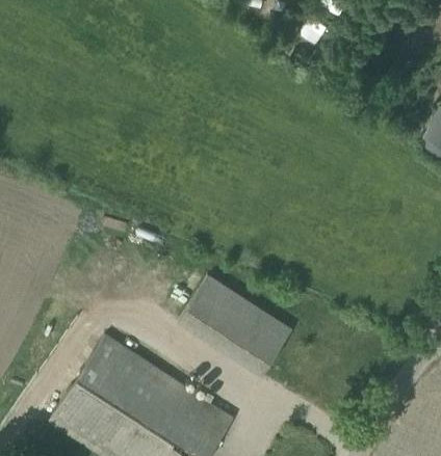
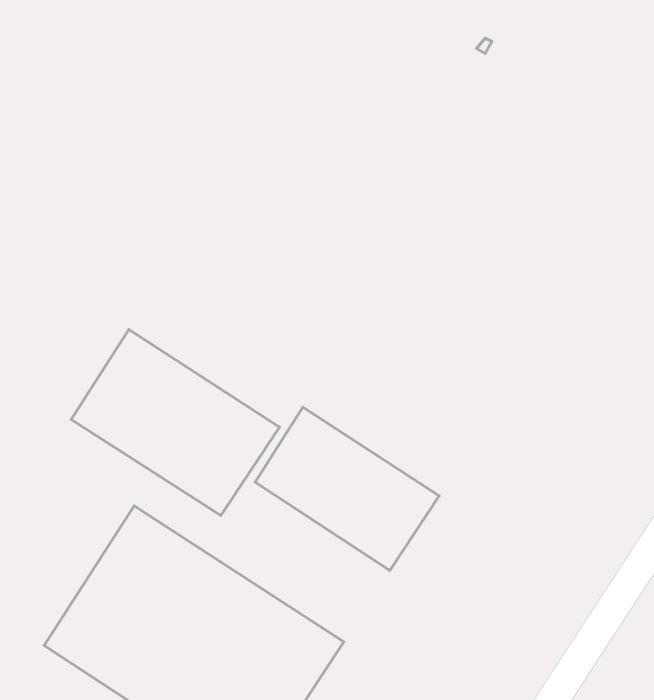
building: none -> [71,329,279,516]

